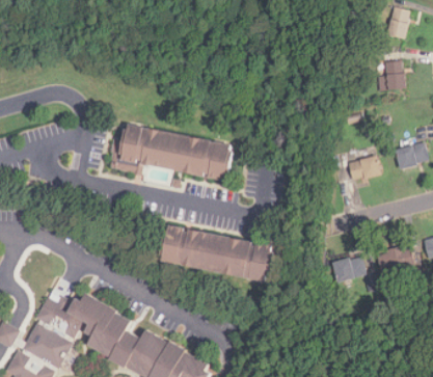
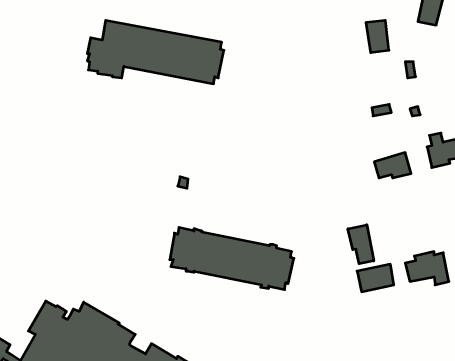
building: [383,61,404,90] -> [366,20,389,53]
building: [108,124,232,181] -> [87,20,224,84]
building: none -> [348,225,374,264]

